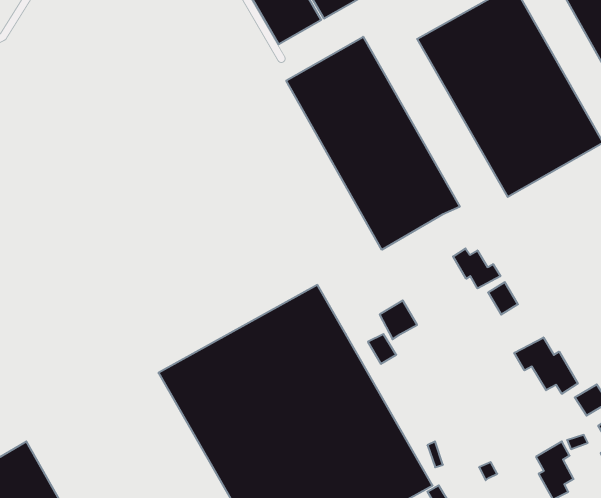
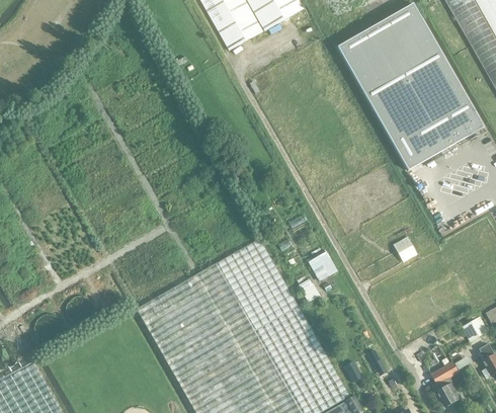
building: [286,37,460,250] -> none
building: [453,248,500,288] -> none
building: [514,337,578,394] -> none

